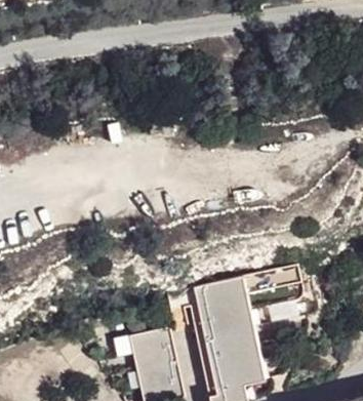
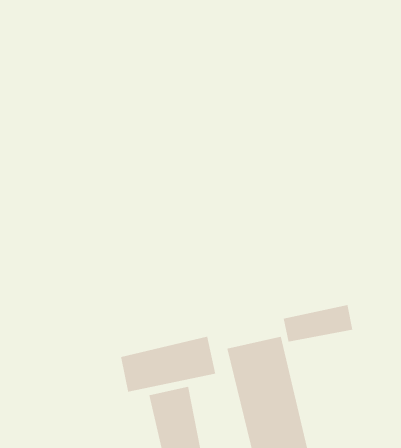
building: none -> [121,336,216,392]

